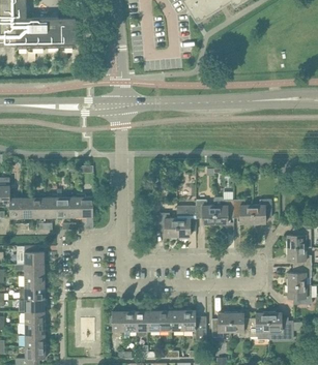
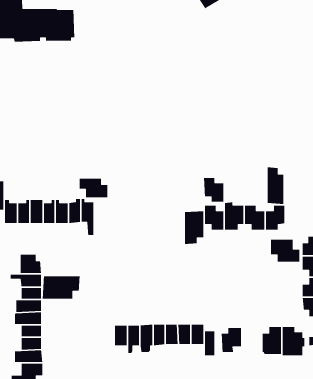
building: none -> [267,166,284,205]
building: none -> [79,178,108,198]
building: [157,214,177,238] -> [203,177,224,203]
building: none -> [270,239,300,263]
building: none -> [42,275,81,300]
building: [231,313,250,338] -> none

